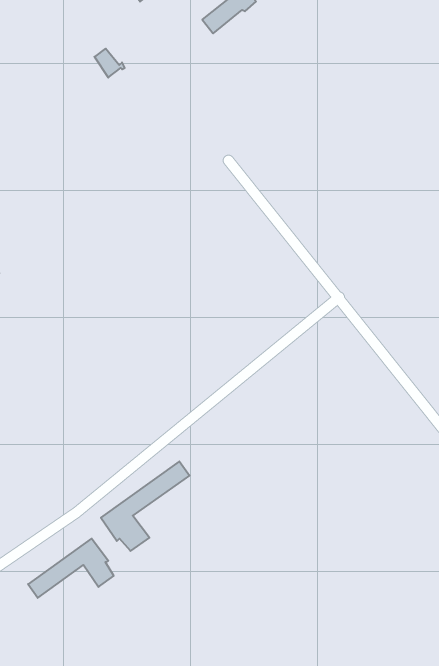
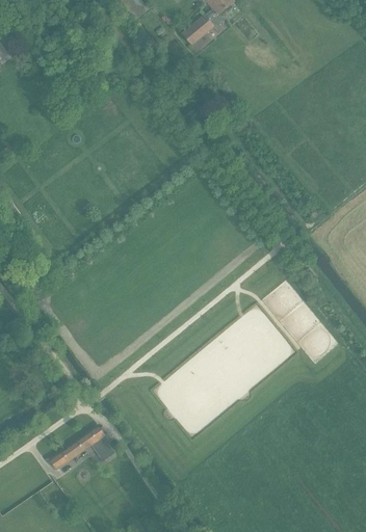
building: [101,461,190,551] -> none

